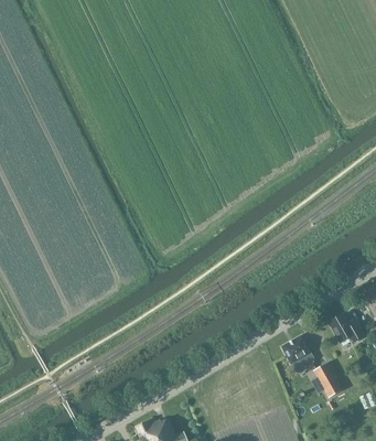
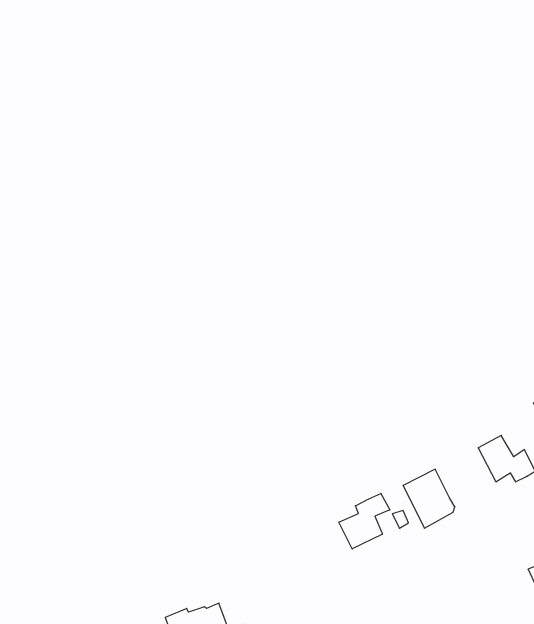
building: none -> [339,493,390,549]
building: [313,363,342,398] -> none

